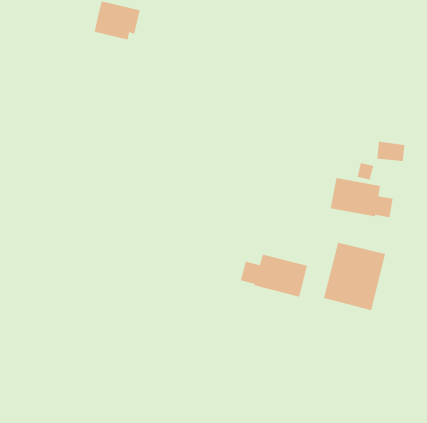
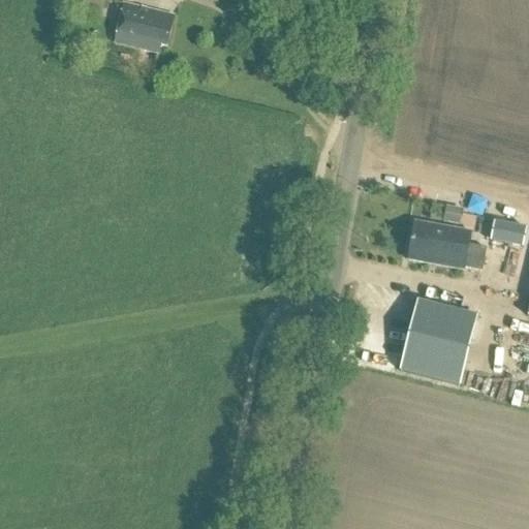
building: [377,141,405,161] -> [488,217,523,242]
building: [240,254,308,298] -> none

